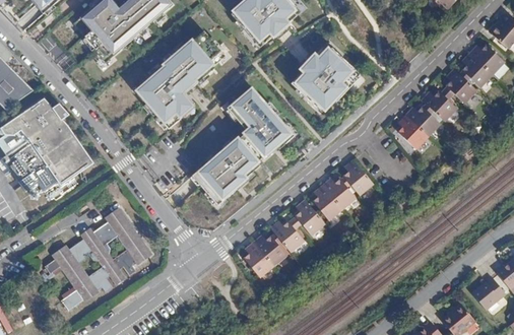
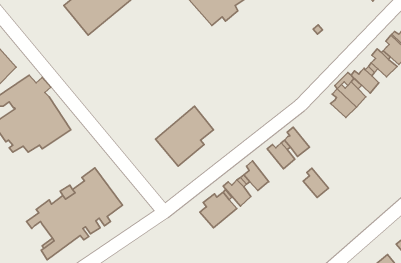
building: [135,39,215,128] -> none
building: [295,47,361,112] -> none
building: [232,88,292,157] -> none
building: [313,185,342,219] -> [303,168,328,198]

